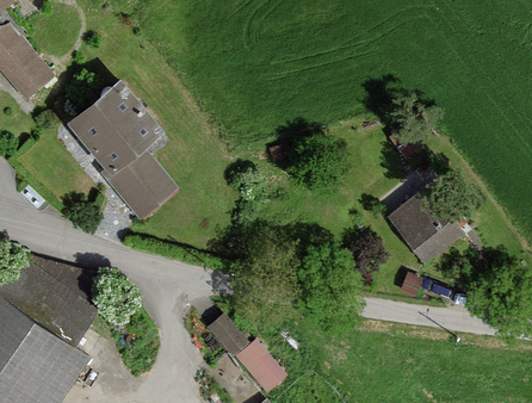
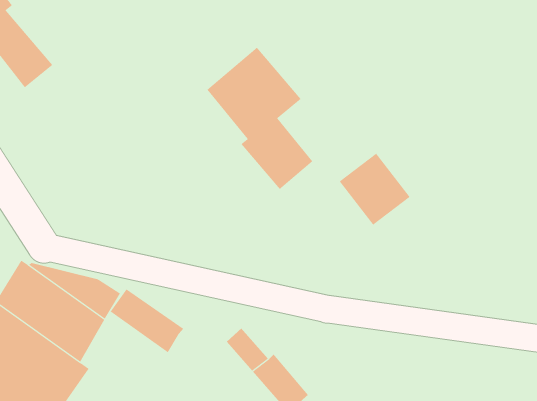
building: [74,85,172,216] -> [207,47,313,190]
building: [391,188,457,255] -> [339,153,410,226]
building: none -> [110,288,184,353]

